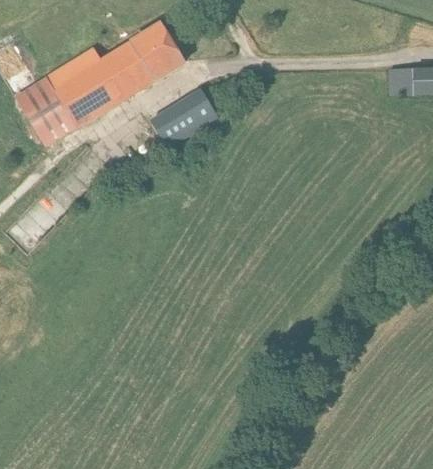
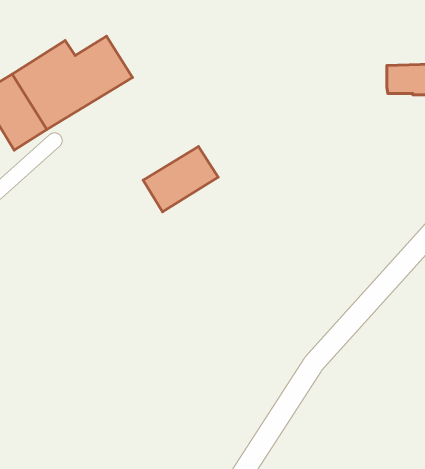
building: [131,24,184,80] -> none
building: [150,88,219,148] -> [143,147,218,212]

